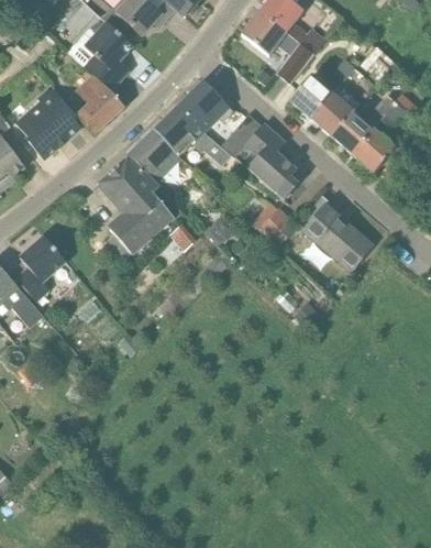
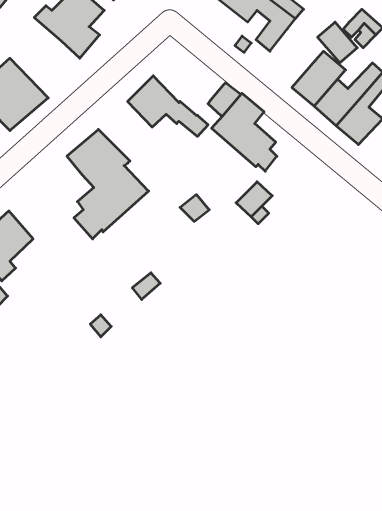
building: [73,74,123,132] -> none
building: [289,74,332,118] -> none
building: [179,81,233,132] -> none
building: [130,131,180,183] -> none
building: [301,202,373,271] -> none

